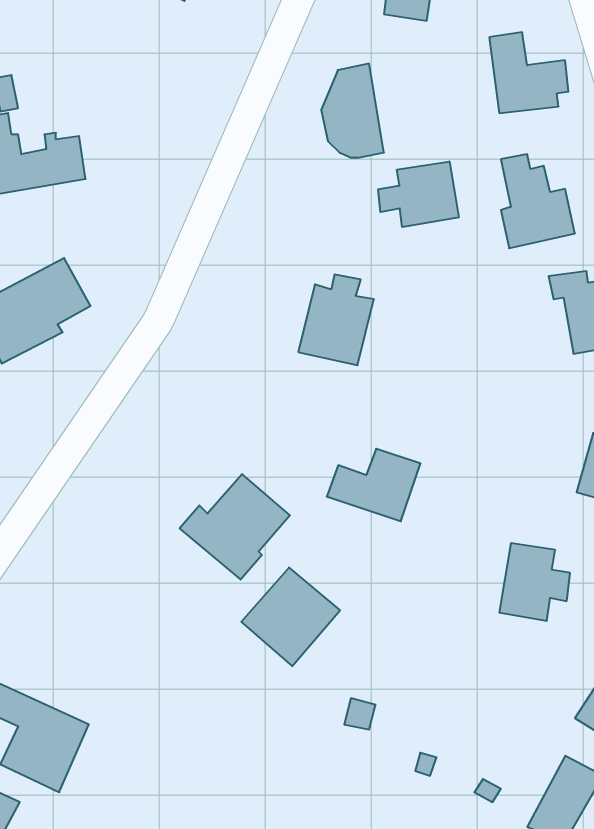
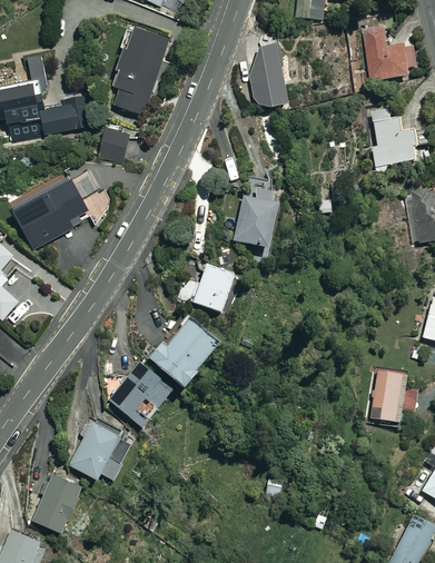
building: none -> [110,26,169,113]
building: [378,161,459,227] -> none
building: none -> [98,128,127,159]
building: [327,449,421,521] -> [174,263,237,312]
building: [241,567,340,666] -> [108,360,175,427]
building: none -> [68,418,129,483]

